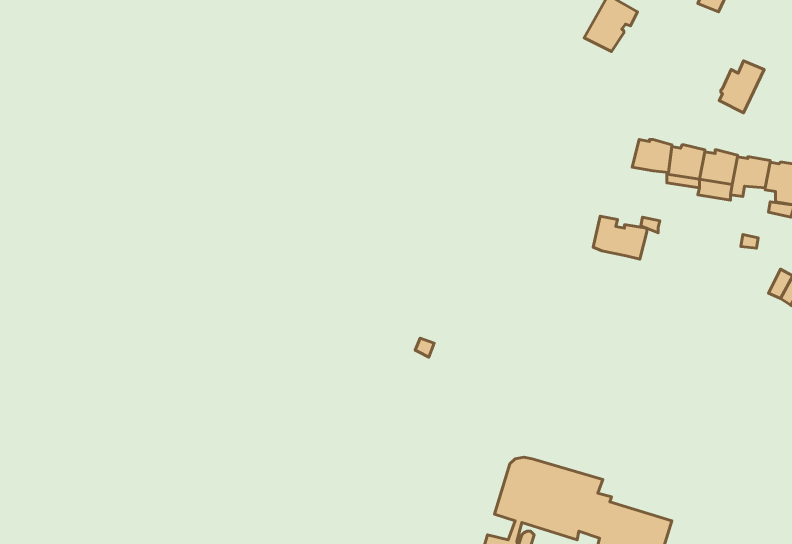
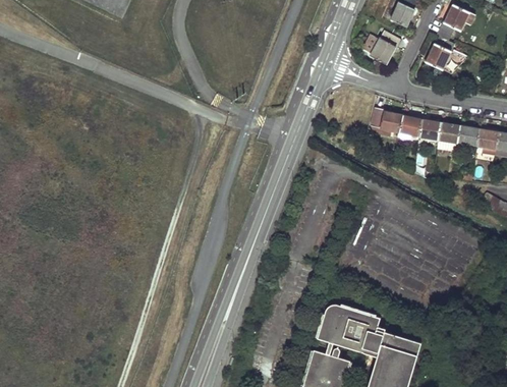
building: [719,61,764,113] -> [428,39,454,69]
building: [593,216,647,259] -> [371,107,402,132]

